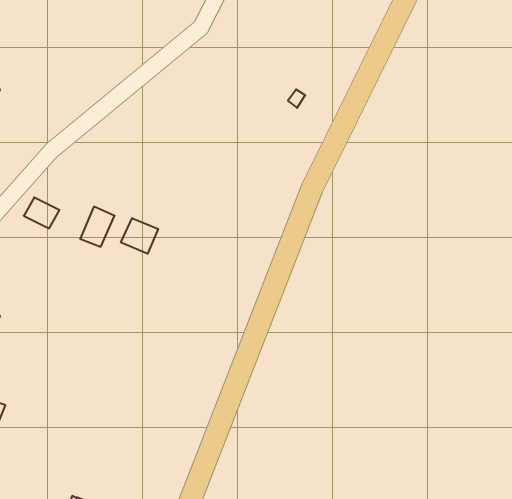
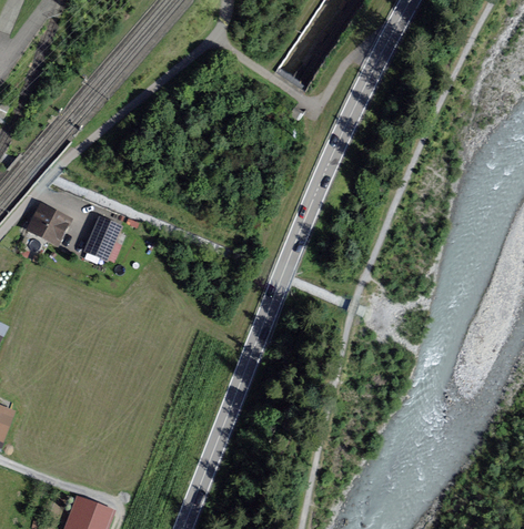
building: [121,218,158,254] -> none

